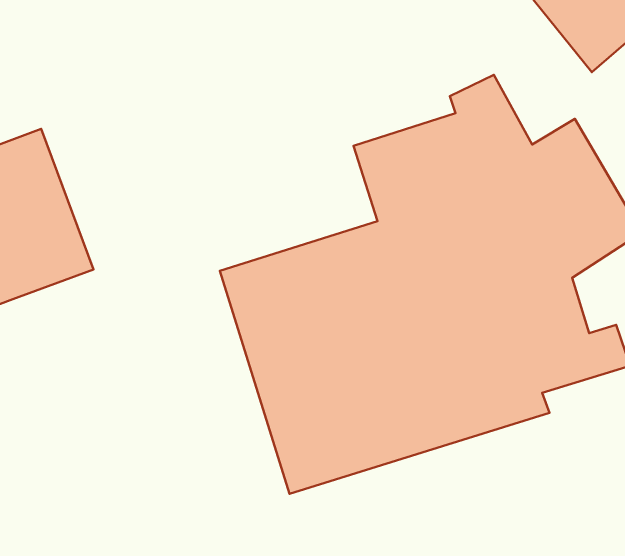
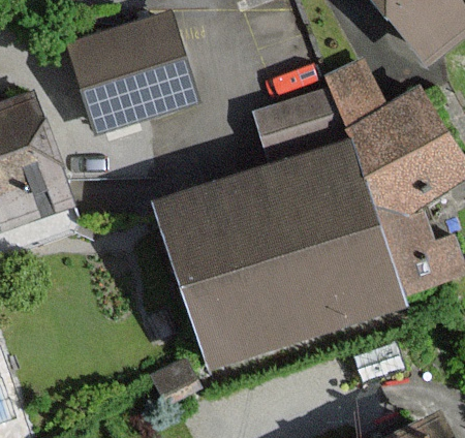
building: none -> [68,19,193,125]

